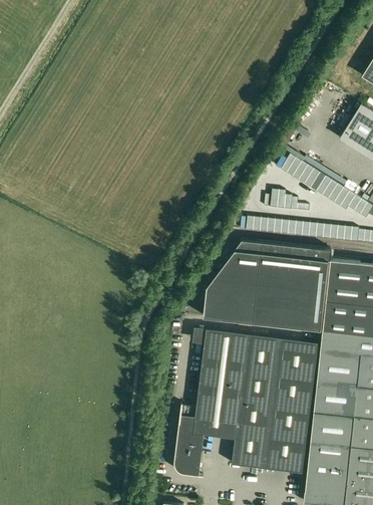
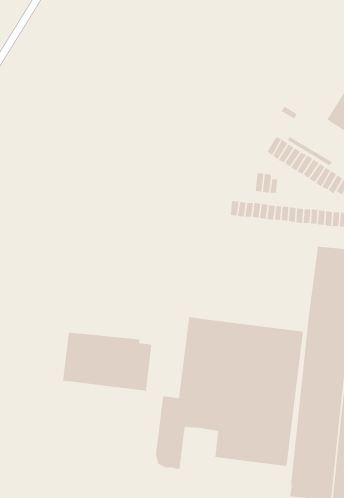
building: [203,241,330,330] -> none
building: none -> [62,332,152,391]

